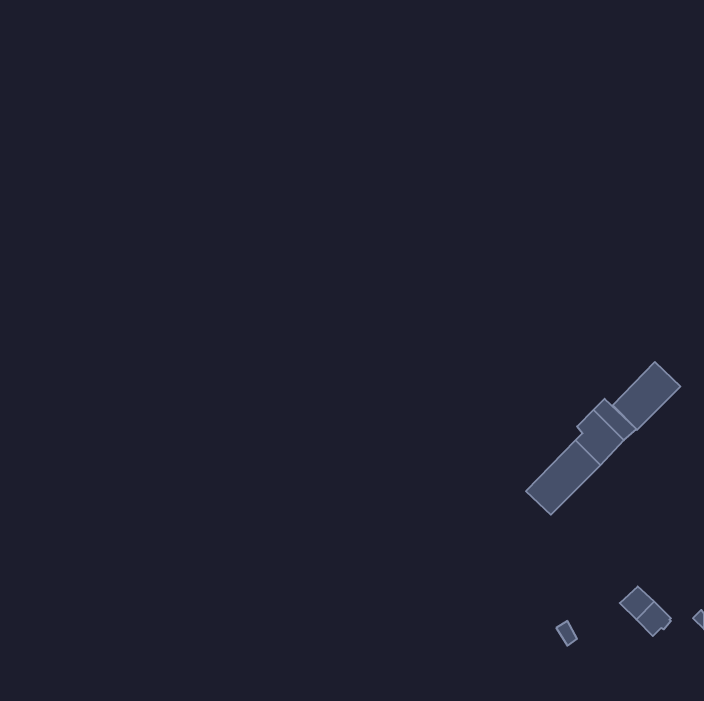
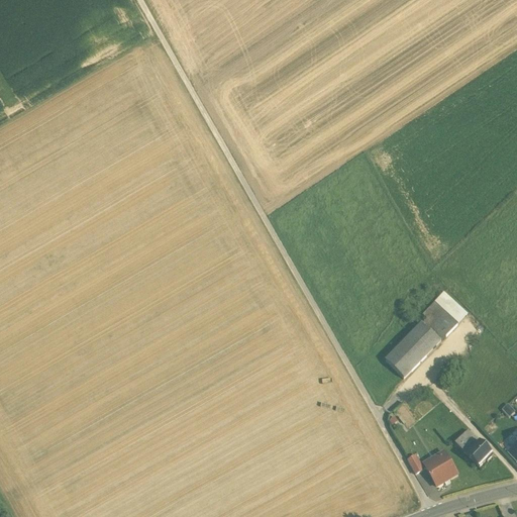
building: [613,362,680,430] -> none
building: none -> [425,450,456,485]

